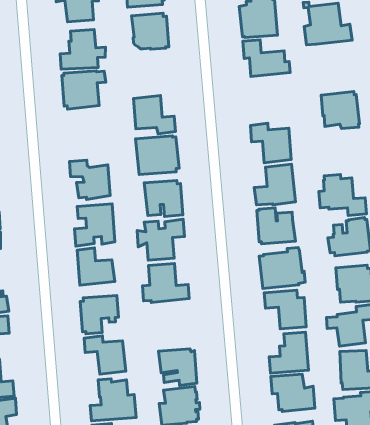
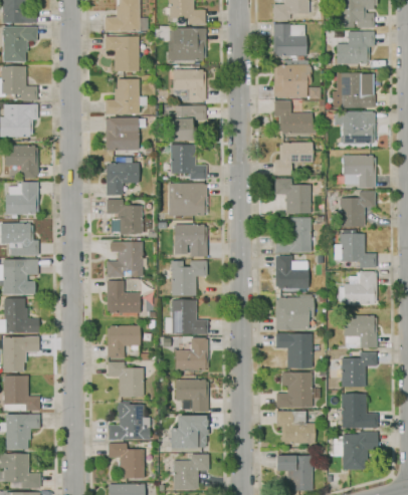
building: none -> [343,110,376,144]
building: none -> [165,105,206,141]
building: none -> [274,143,314,175]
building: none -> [107,163,139,195]
building: none -> [339,191,375,226]
building: none -> [175,337,208,370]

